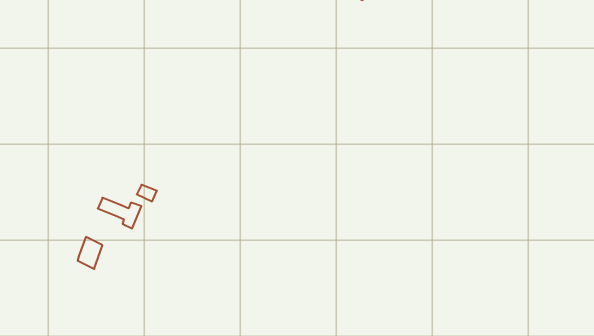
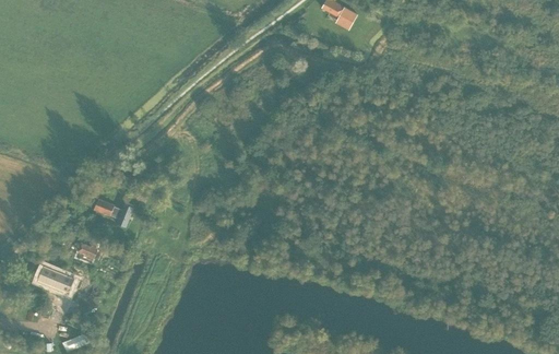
building: none -> [36,266,73,294]

